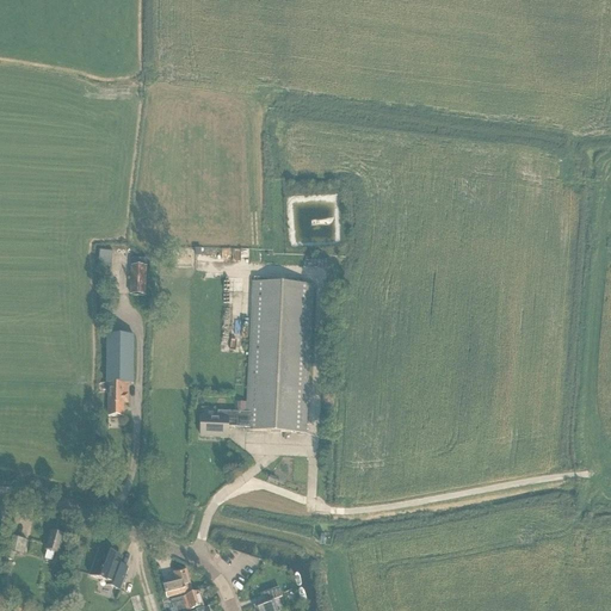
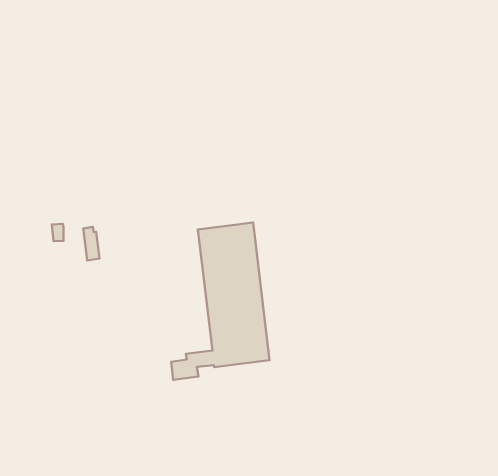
building: [105,331,132,413] -> none

